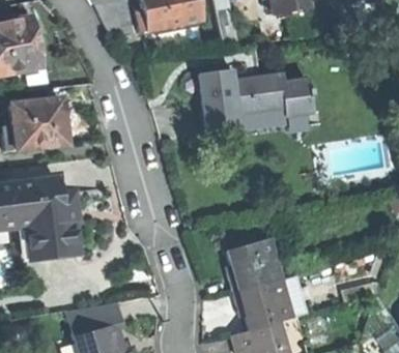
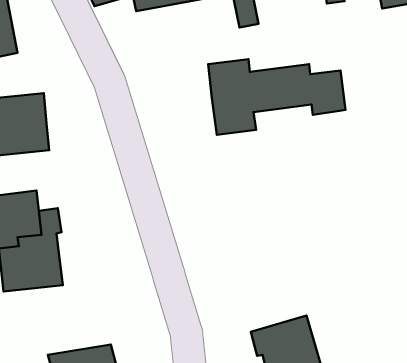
building: [236,106,309,134] -> none
building: [226,238,280,292] -> none

